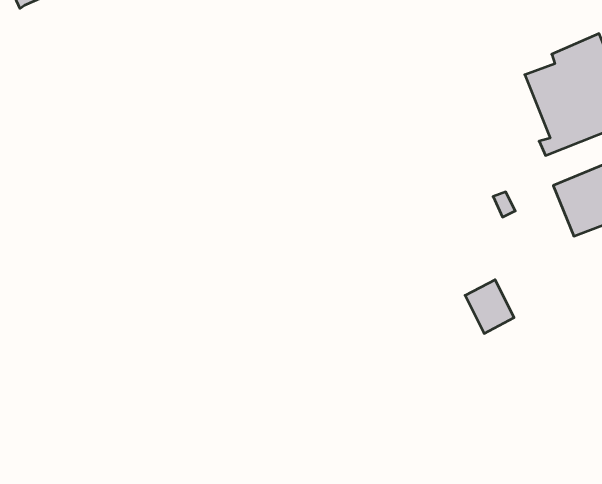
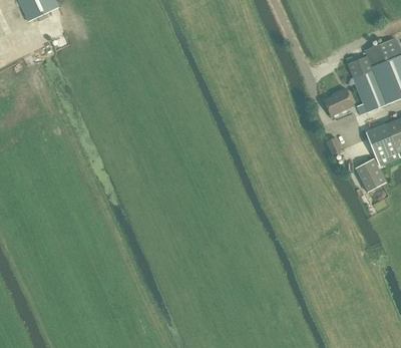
building: none -> [325,88,354,115]
building: [465,280,514,333] -> [355,157,386,192]

